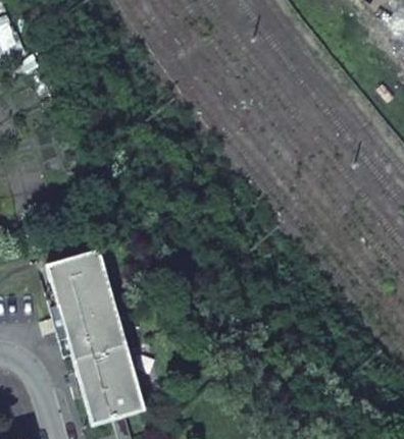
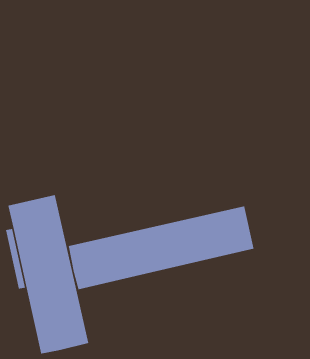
building: none -> [68,205,254,290]

